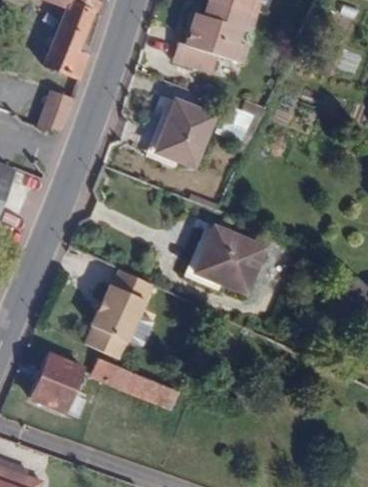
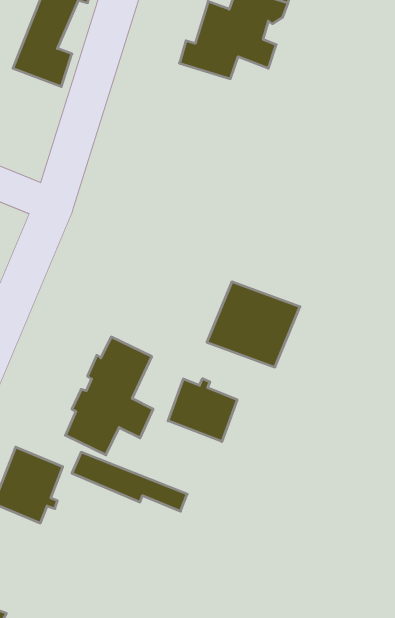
building: [40,88,76,134] -> none
building: [165,100,220,167] -> none
building: none -> [168,379,237,442]

